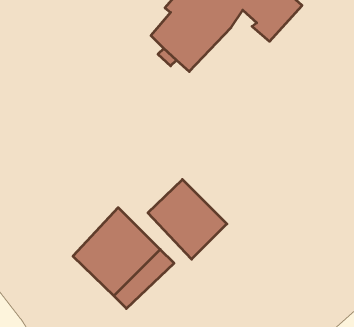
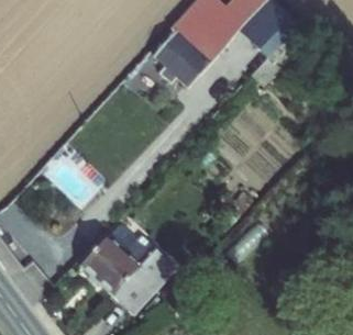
building: [148,179,227,259] -> none

